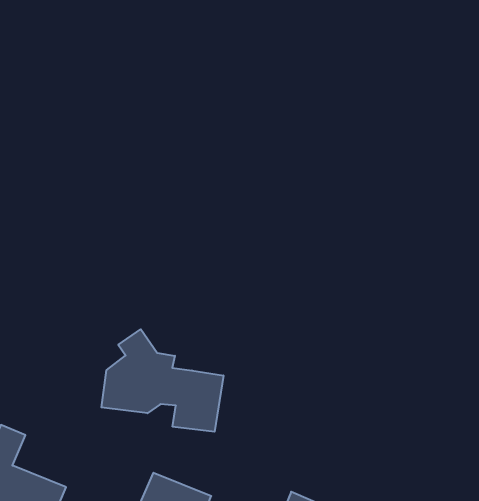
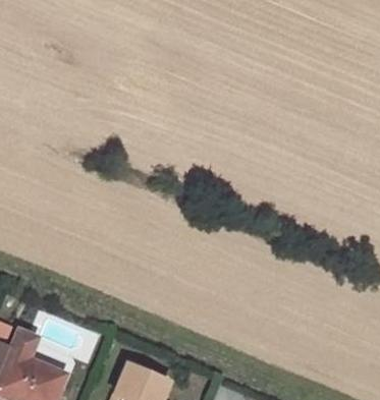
building: [101,329,223,432] -> none

